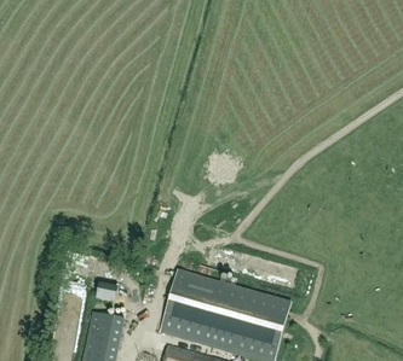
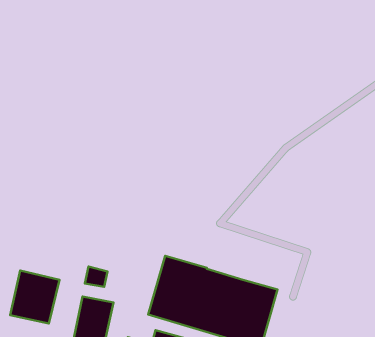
building: none -> [10,270,60,323]

